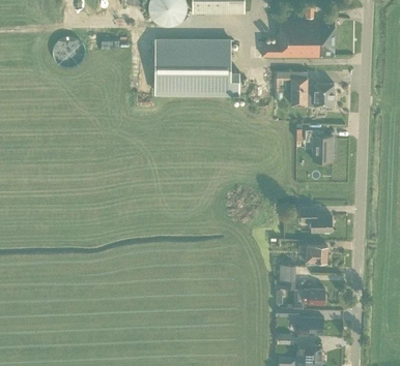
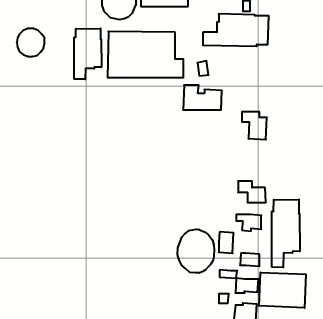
building: none -> [74,28,101,79]
building: [290,77,334,104] -> [183,85,222,110]
building: none -> [272,199,300,267]
building: none -> [177,229,214,273]
building: none -> [259,272,306,308]

